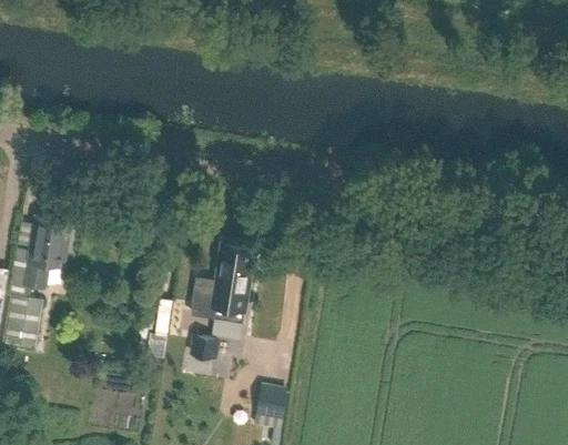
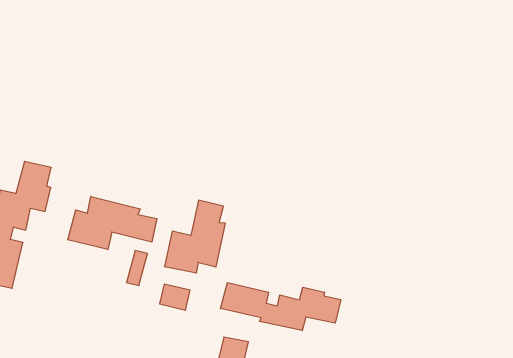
building: none -> [68,196,157,250]
building: none -> [221,283,341,331]

